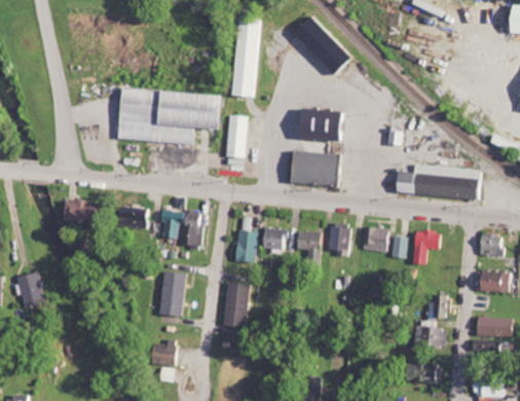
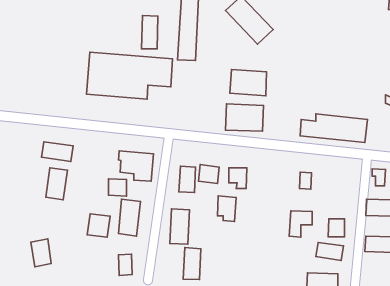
building: [226,115,247,157] -> [142,15,158,49]
building: [126,208,149,229] -> [108,179,126,196]
building: [327,224,350,256] -> [217,196,236,221]
building: [362,226,384,251] -> none
building: none -> [46,168,67,200]
building: [407,231,436,264] -> [289,211,312,237]
building: [18,272,44,307] -> [31,239,51,267]
building: none -> [87,214,110,237]
building: none -> [183,248,201,279]

